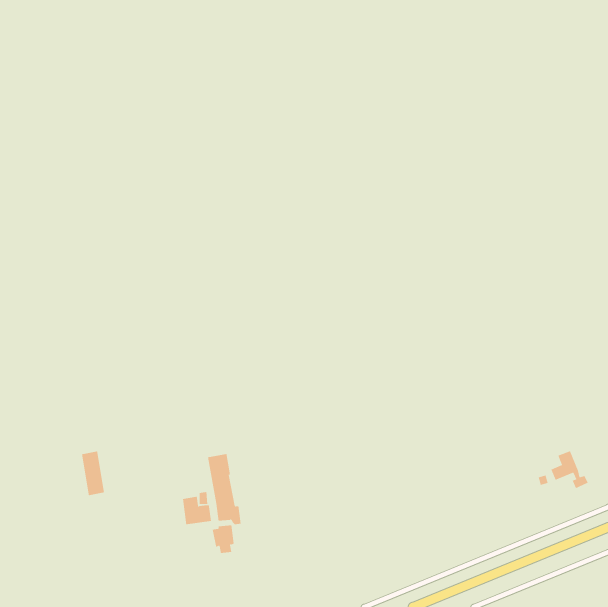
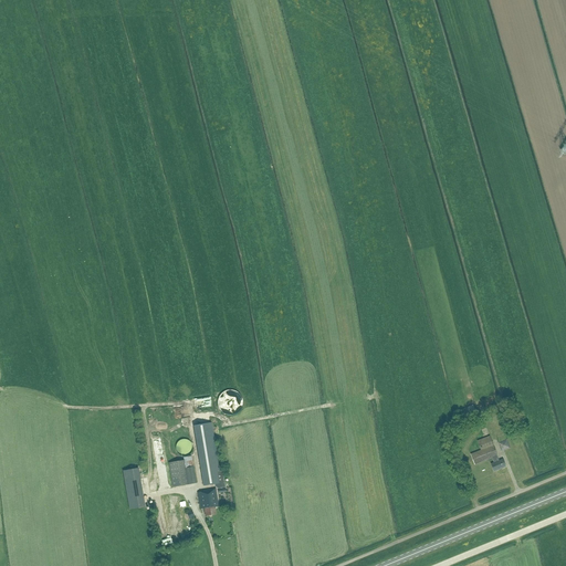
building: [550,451,588,489] -> [471,436,506,471]
building: [81,451,105,496] -> [123,467,145,509]

